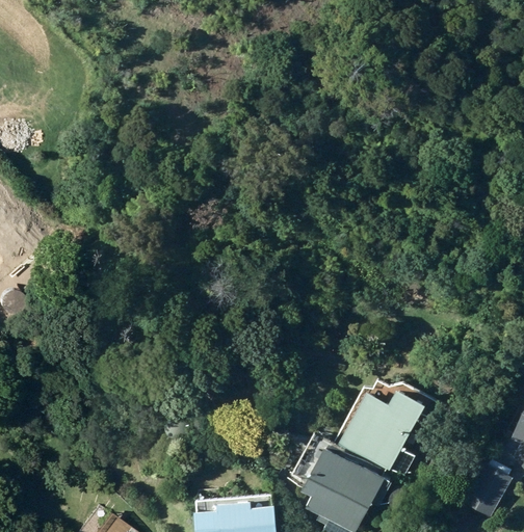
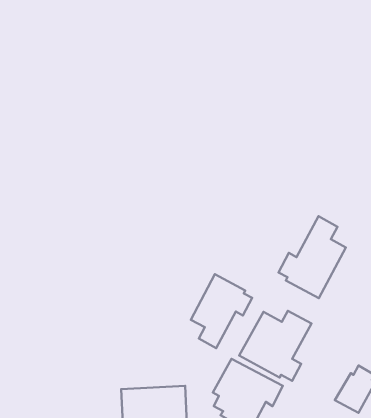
building: none -> [279,216,346,298]
building: none -> [191,274,252,348]

